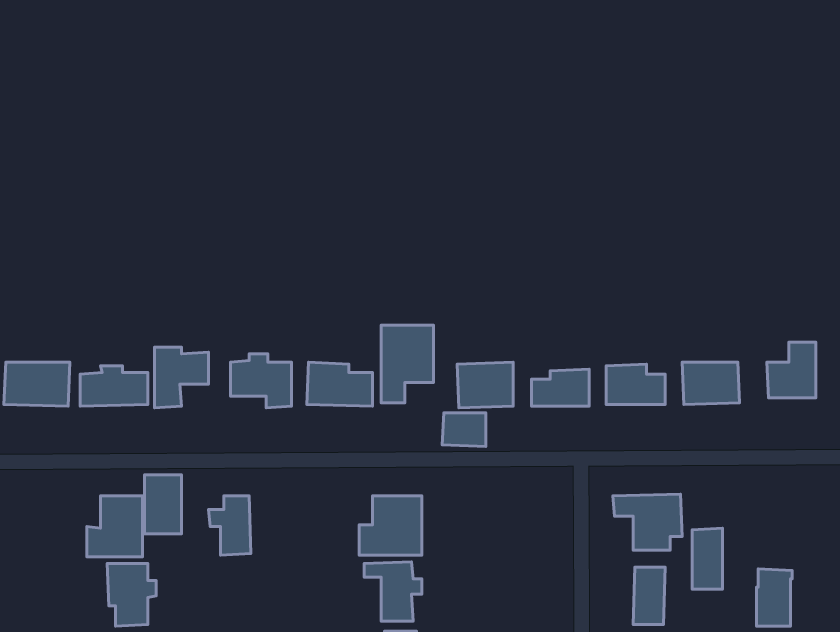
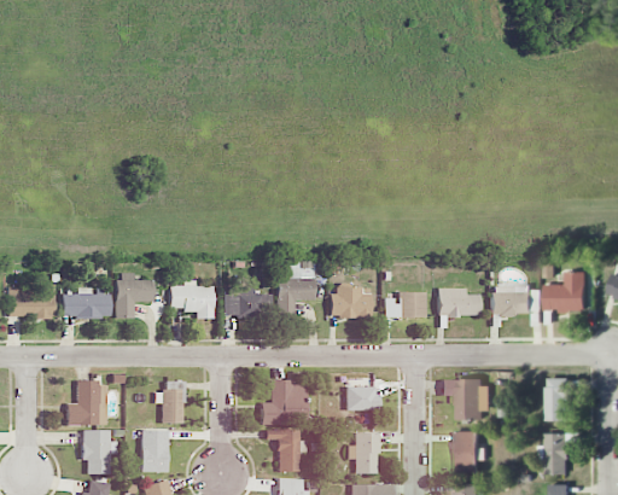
building: [442,413,486,447] -> [344,386,375,410]
building: [144,475,182,534] -> [140,430,167,472]
building: [692,528,723,589] -> [546,378,567,421]
building: none -> [346,432,377,473]

